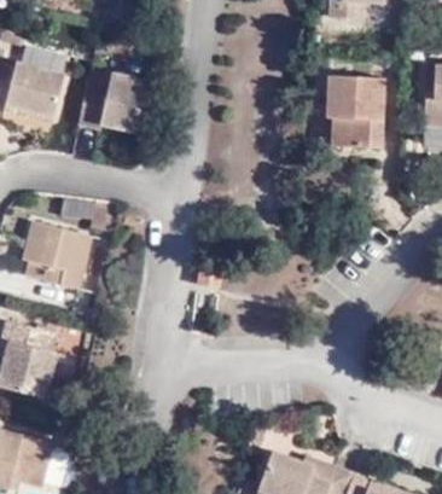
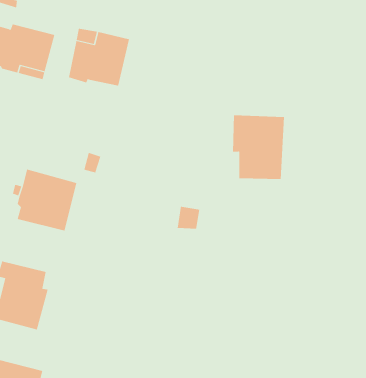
building: [327,75,385,146] -> [232,115,285,180]

